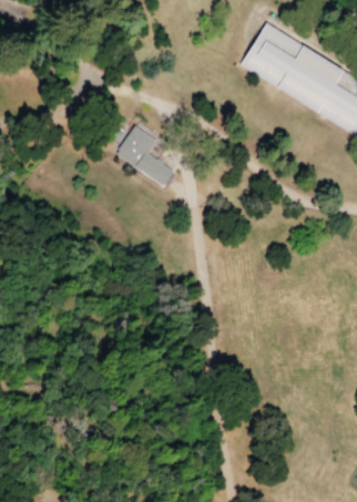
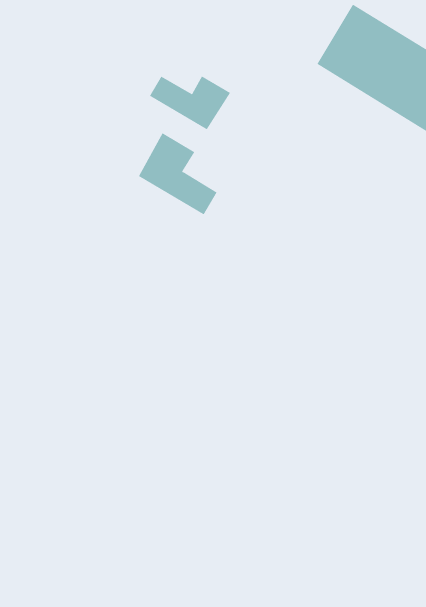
building: none -> [149,75,231,130]

